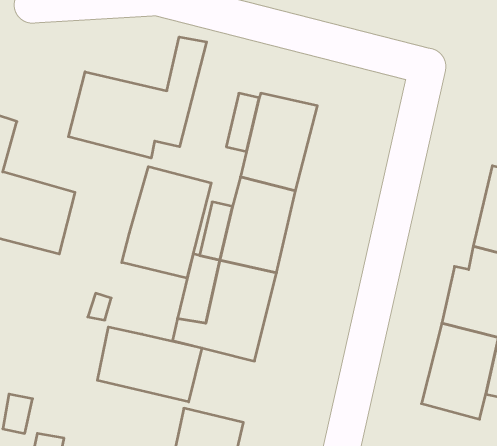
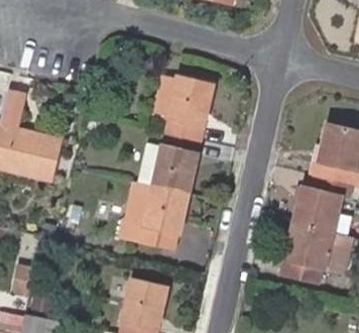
building: [68,37,207,158] -> none
building: [122,167,211,278] -> none
building: [97,327,202,402] -> none

